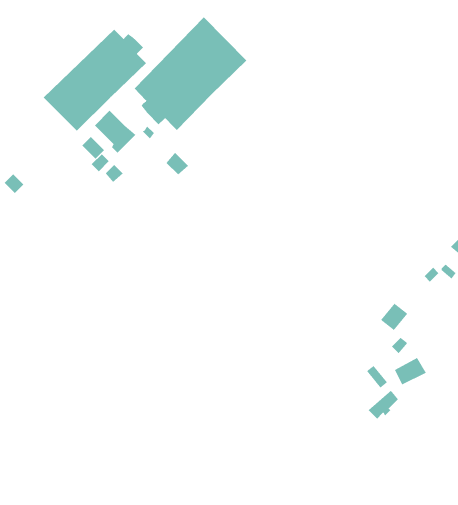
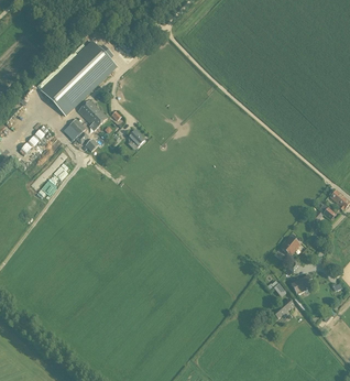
building: [134,16,247,131] -> none

